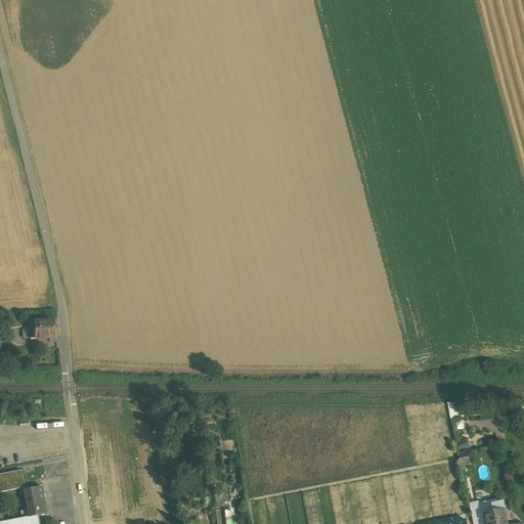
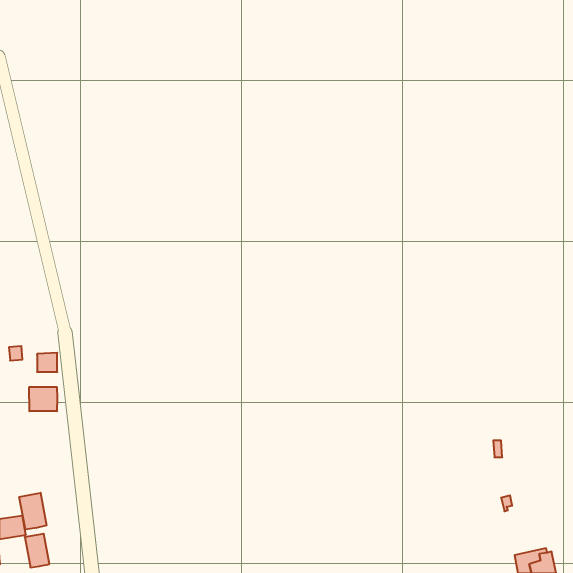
building: none -> [29,387,57,411]
building: none -> [19,493,47,530]

